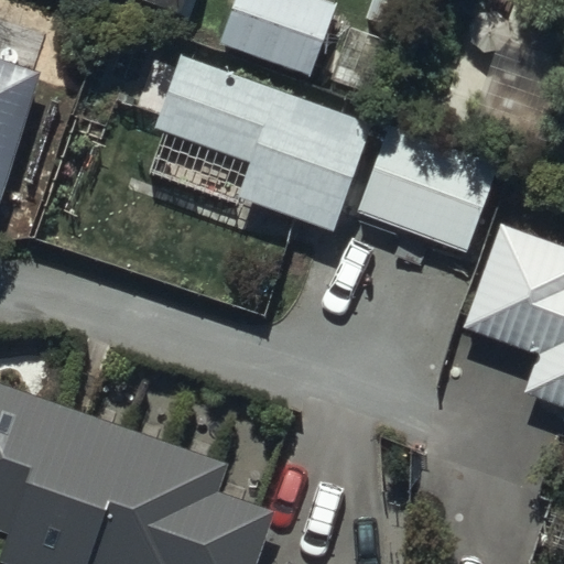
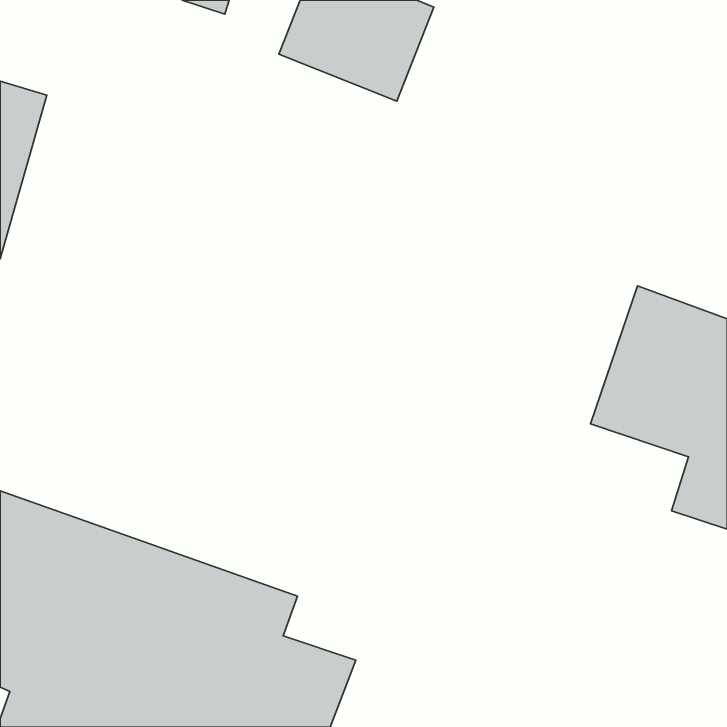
building: [135,54,367,232] -> none
building: [355,124,495,253] -> none

